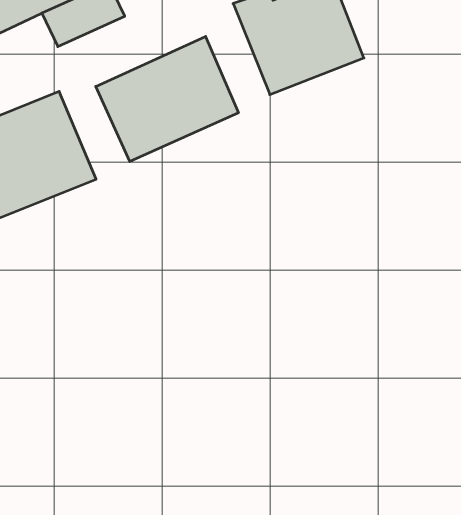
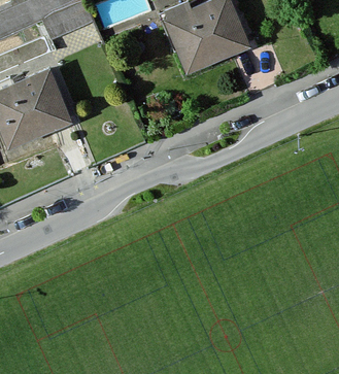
building: [96,36,238,162] -> none

